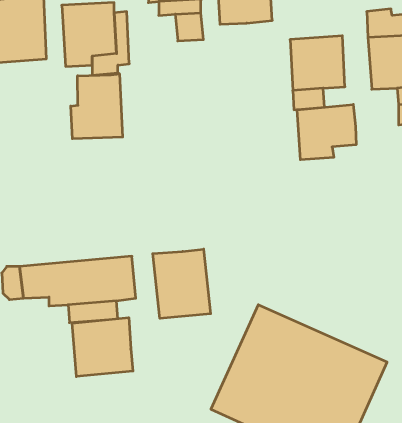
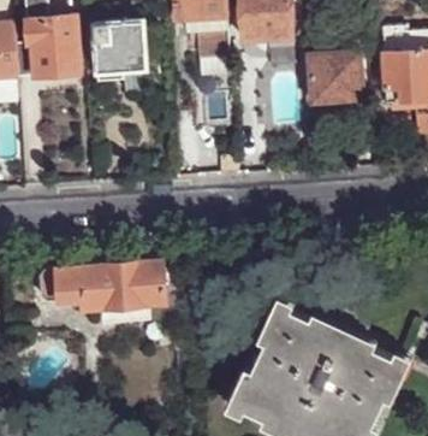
building: [71,74,123,139] -> none
building: [297,104,356,160] -> none
building: [153,249,211,318] -> none
building: [72,318,133,377] -> none

